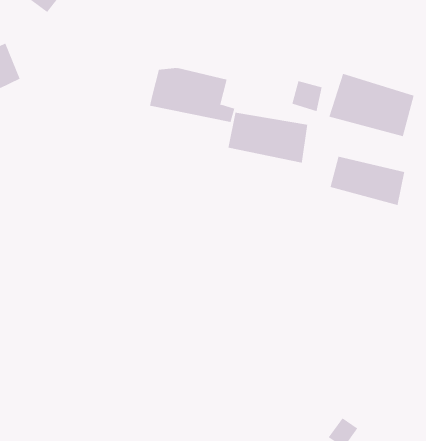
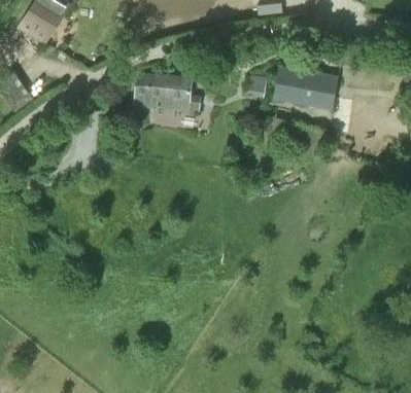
building: [228,112,308,163] -> none
building: [330,156,405,206] -> none

